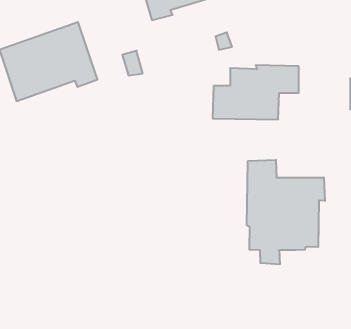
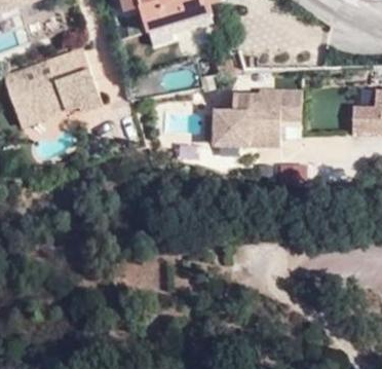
building: [247,160,325,264] -> none

